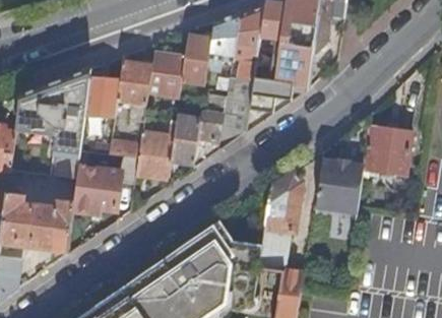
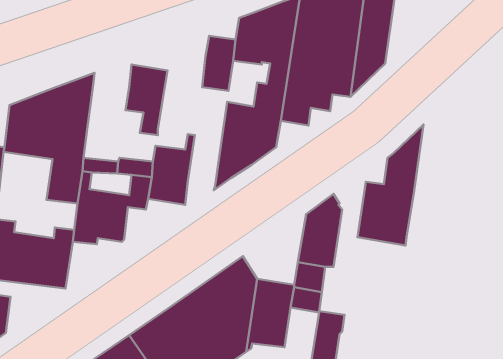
building: [148,49,185,97] -> none
building: [84,77,120,116] -> none
building: [170,115,199,163] -> none
building: [362,127,409,176] -> none

